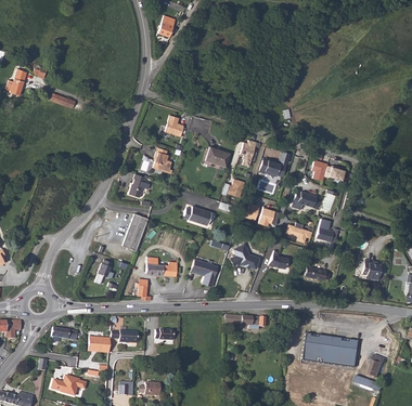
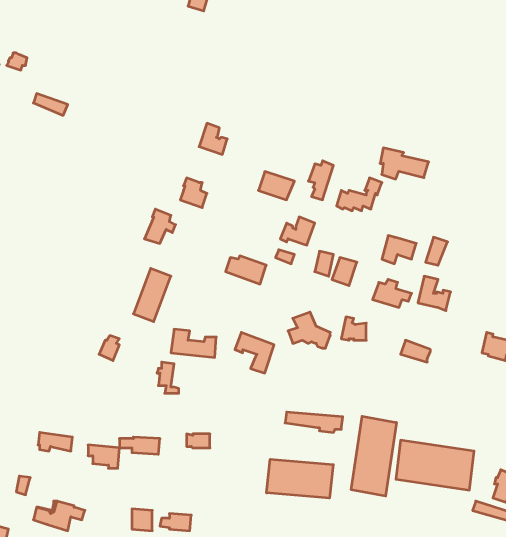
building: [311,158,345,180] -> [380,148,429,179]
building: none -> [351,416,396,496]
building: none -> [267,459,333,498]

